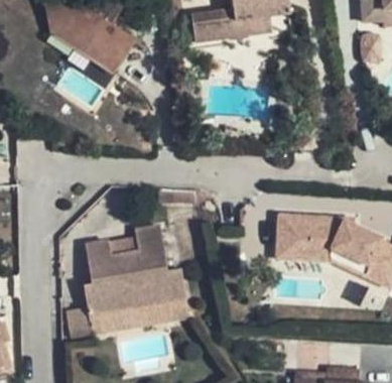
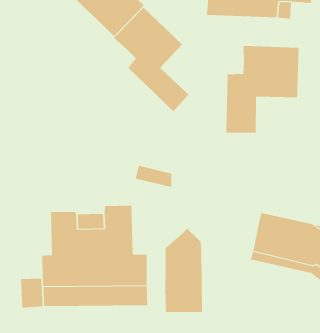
building: none -> [113,7,189,112]
building: none -> [226,45,299,134]
building: none -> [165,228,203,313]

